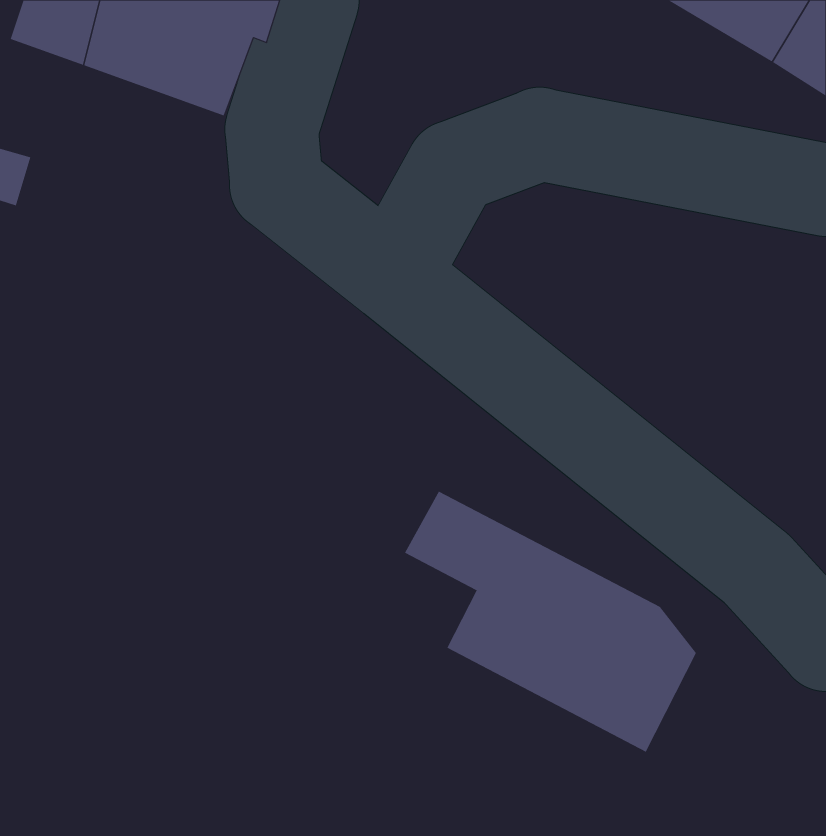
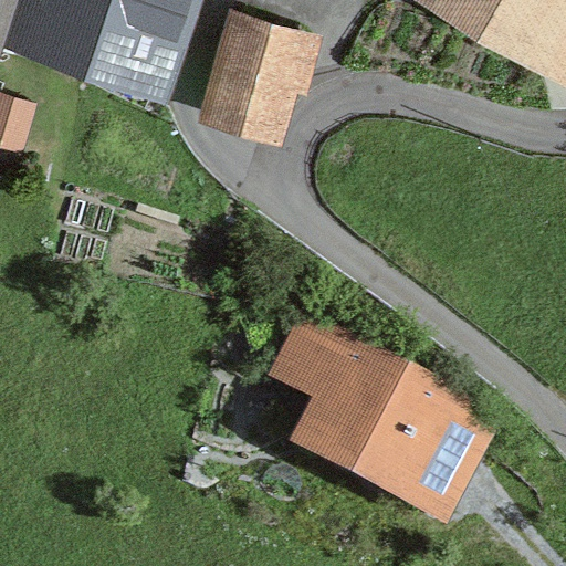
building: none -> [206,19,292,125]

